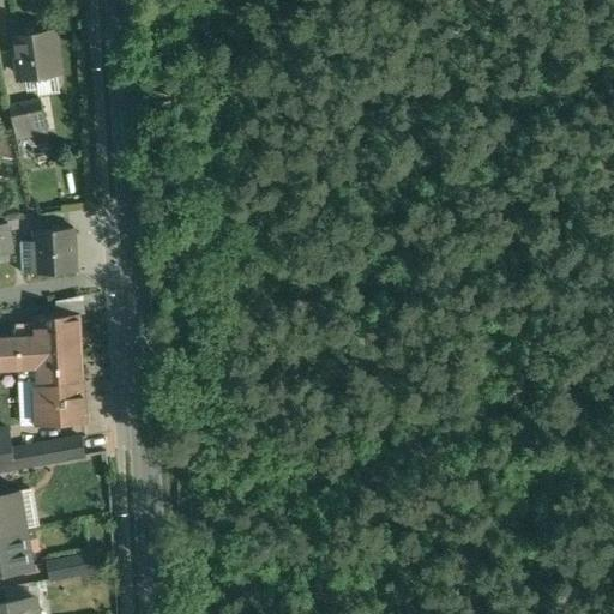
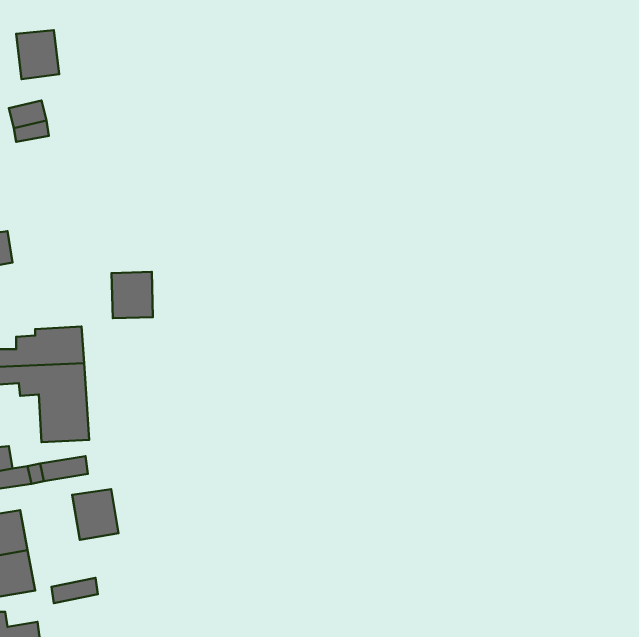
building: [35,231,74,276] -> [112,272,153,318]
building: none -> [72,489,118,540]

